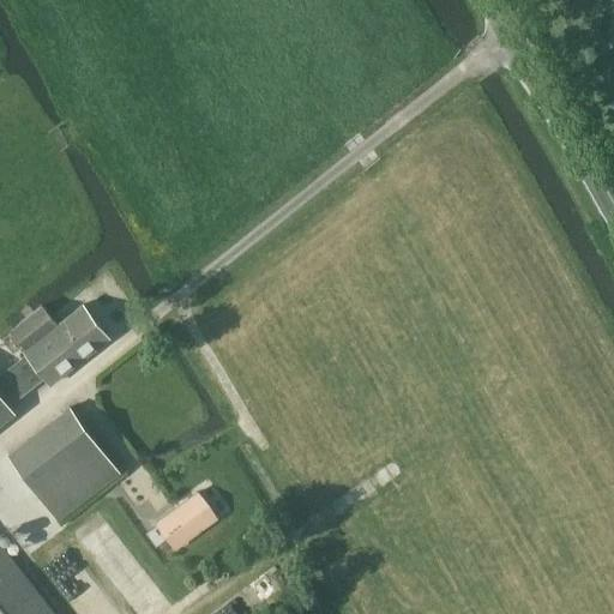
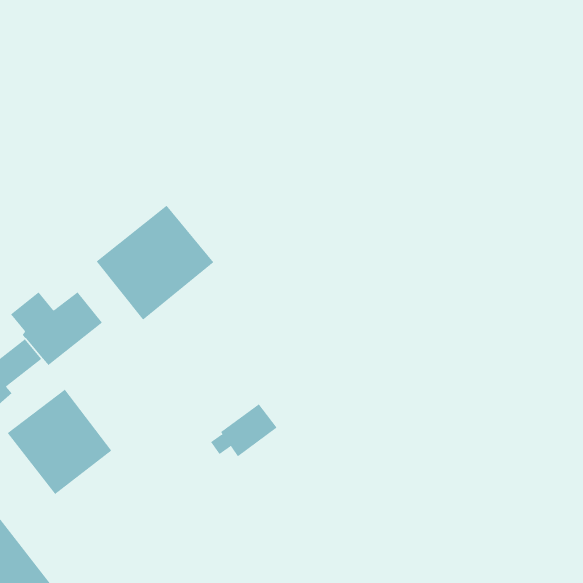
building: none -> [96,205,214,320]
building: [145,494,216,550] -> [210,403,278,457]

